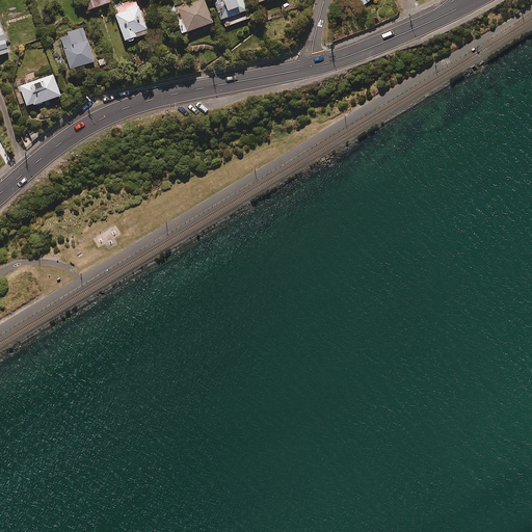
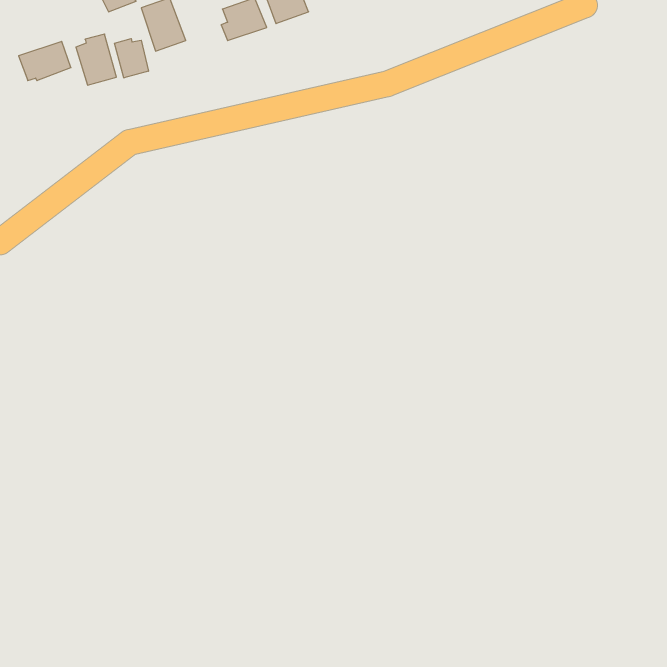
building: none -> [115,39,148,78]
building: [19,74,60,105] -> [19,41,71,81]

